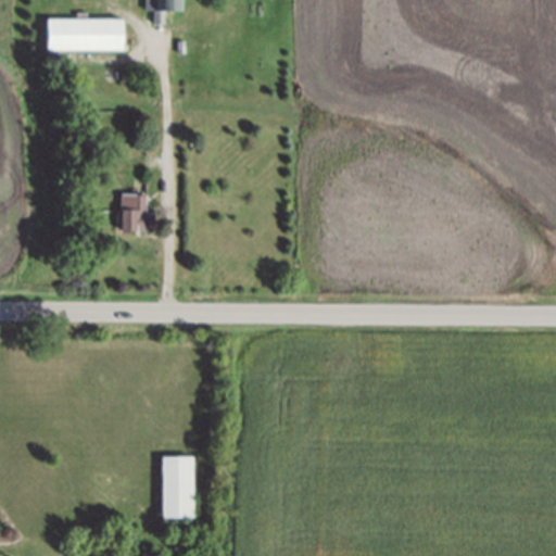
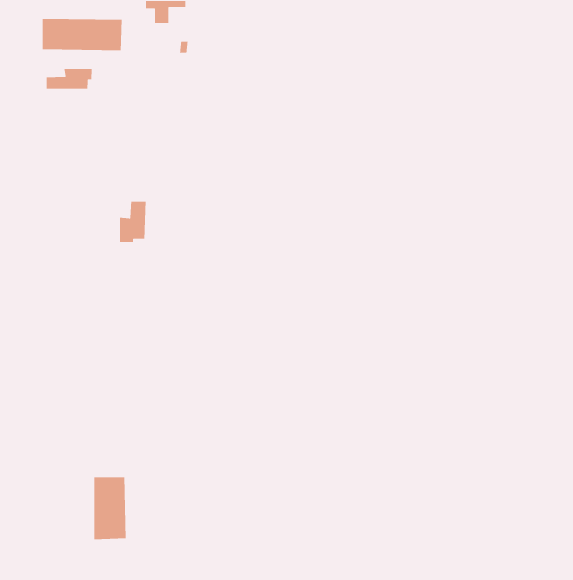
building: none -> [46,68,92,90]
building: [163,458,194,519] -> [93,477,126,540]

